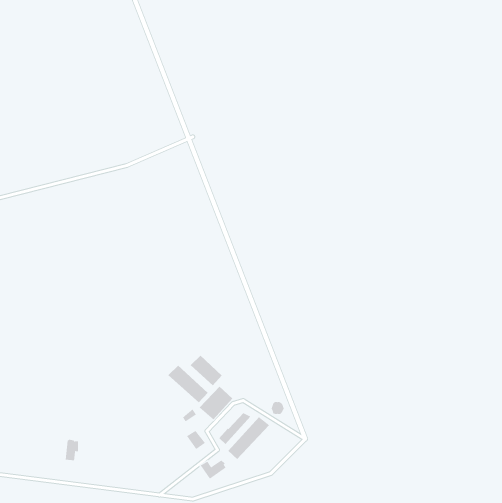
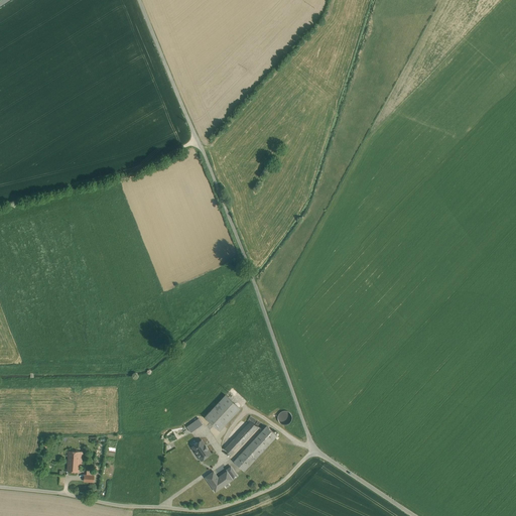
building: [190,355,223,386] -> none
building: [168,365,209,403] -> none

